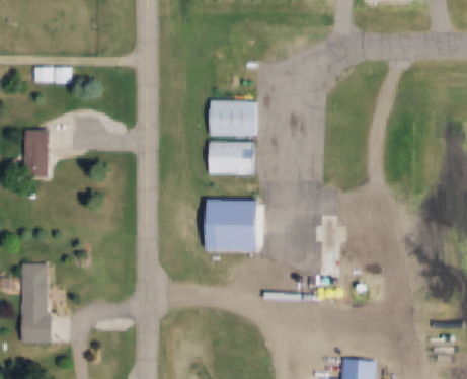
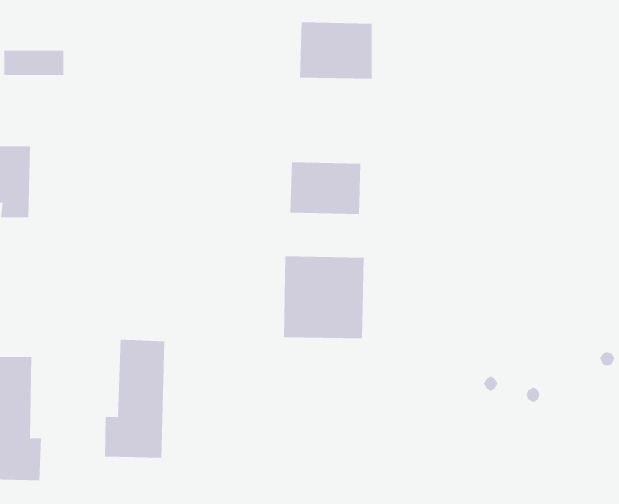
building: [211,99,257,136] -> [299,22,373,79]
building: none -> [105,339,165,459]

